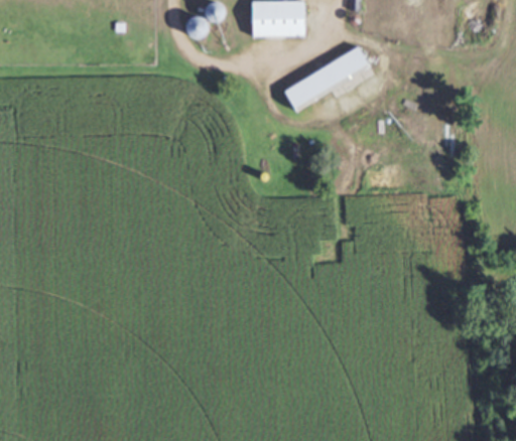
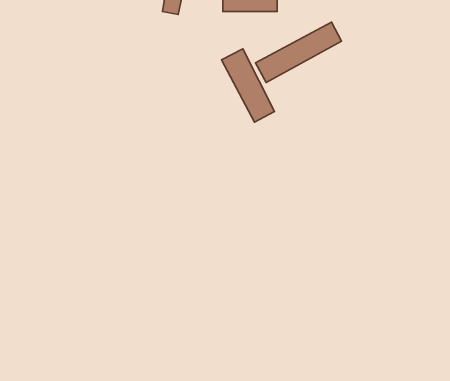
building: none -> [222,49,275,122]

